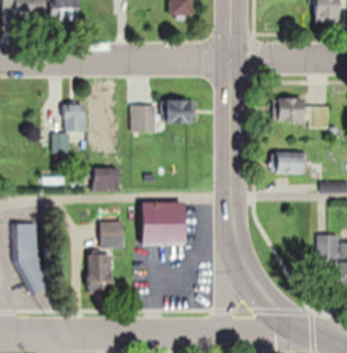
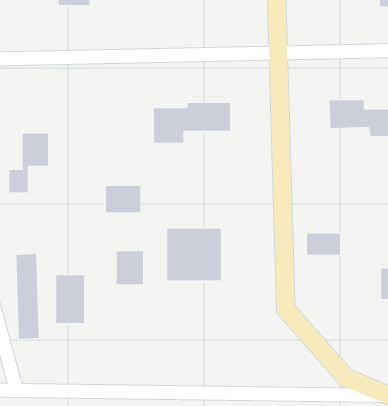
building: [51,104,84,153] -> [9,133,49,193]
building: [276,155,304,174] -> [306,233,341,256]
building: [89,254,113,294] -> [55,274,85,324]

